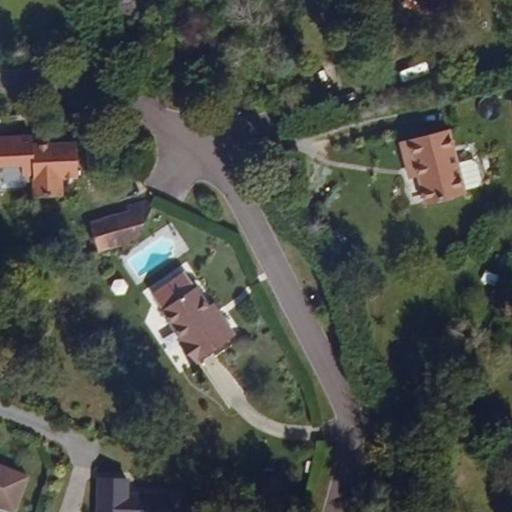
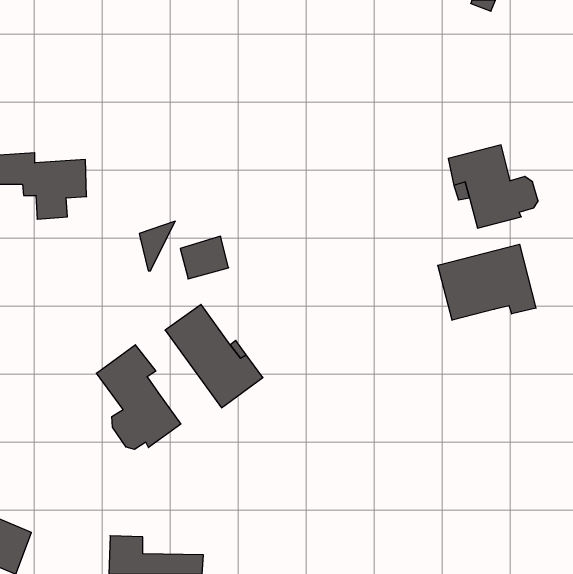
building: [89,213,132,251] -> [180,236,229,279]
building: none -> [438,244,536,320]
building: none -> [96,345,181,449]

